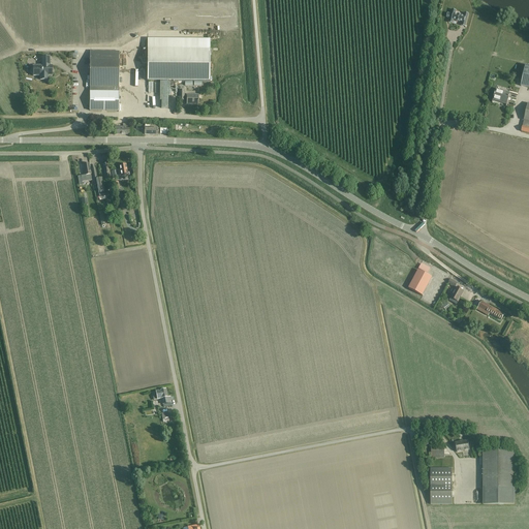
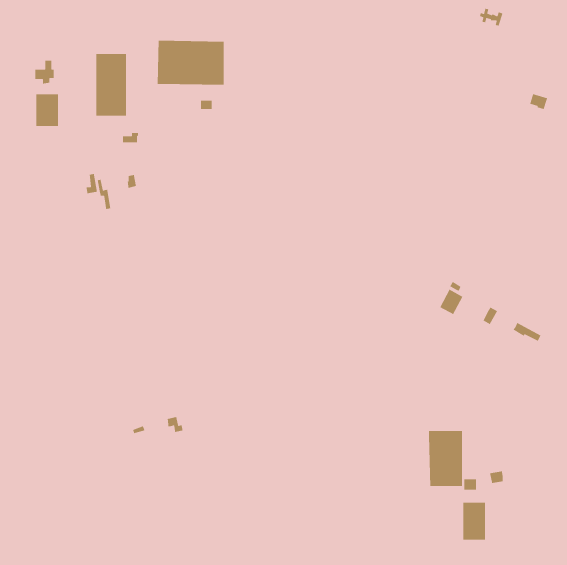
building: none -> [35,93,59,127]
building: [481,450,514,503] -> [428,430,463,487]

